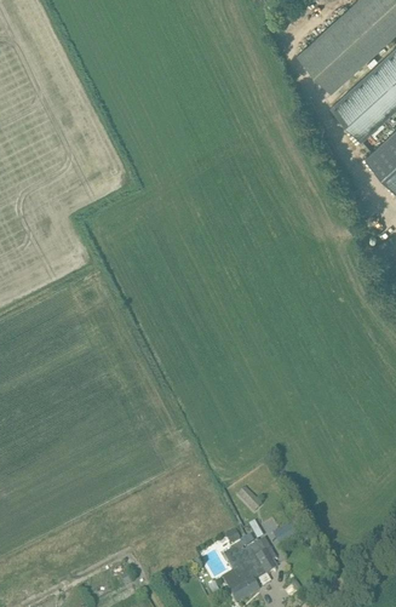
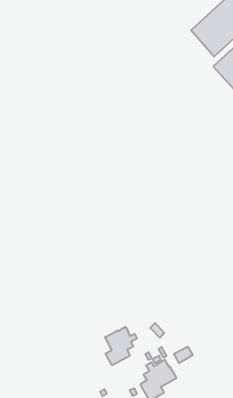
building: none -> [105,327,137,365]

